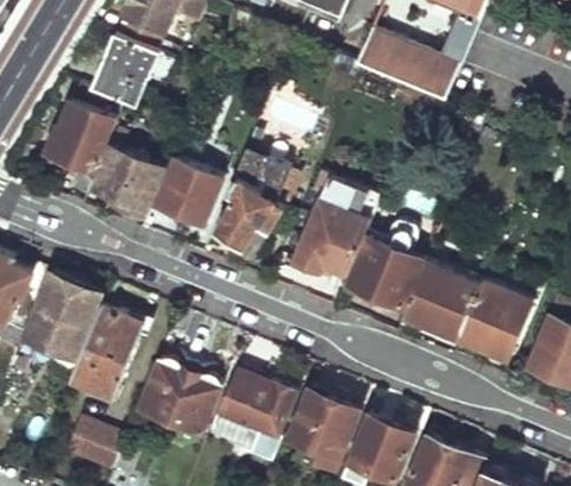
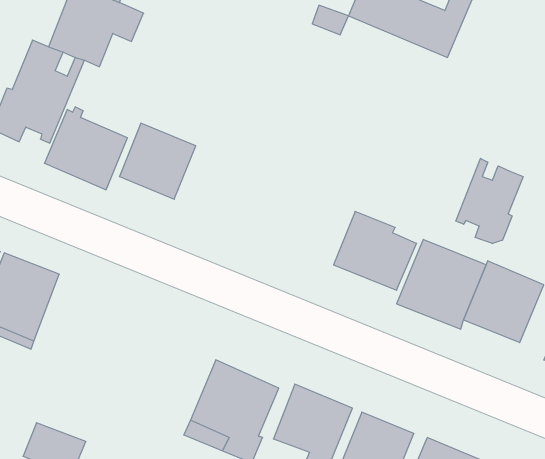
building: [209,150,289,252] -> none
building: [290,179,368,284] -> none
building: none -> [456,158,523,244]
building: [69,305,144,400] -> none
building: [140,349,222,435] -> none

